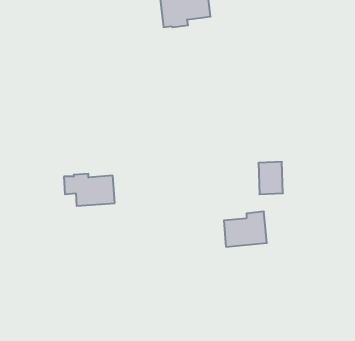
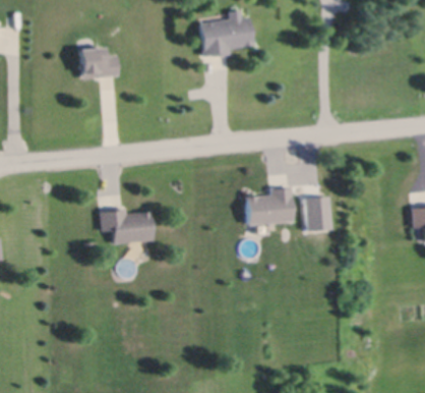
building: none -> [79,48,117,77]
building: [224,212,267,247] -> [247,187,292,224]

